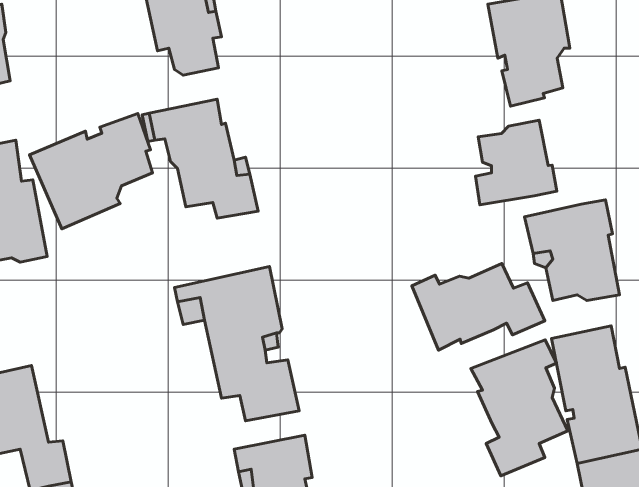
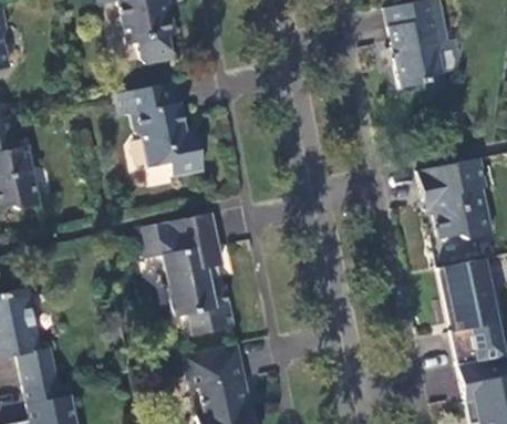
building: [30,113,153,229] -> none
building: [476,120,557,205] -> none
building: [412,263,545,350] -> none
building: [471,340,568,476] -> none

